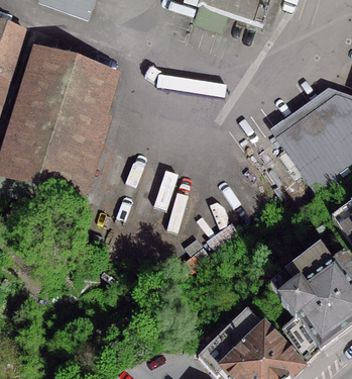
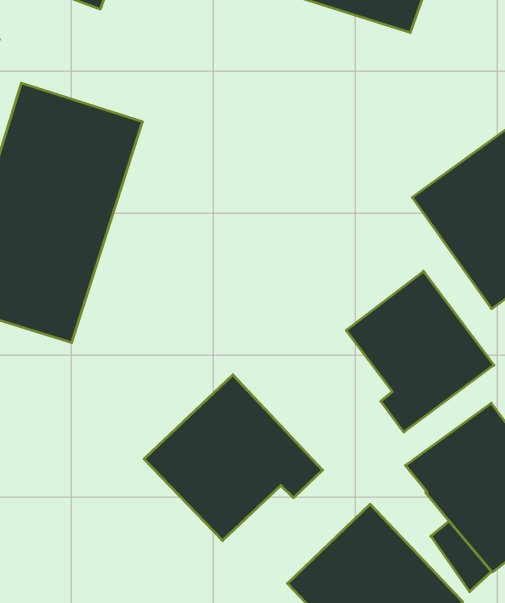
building: none -> [346,271,494,432]
building: none -> [144,375,323,541]

